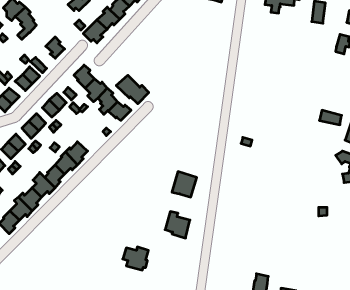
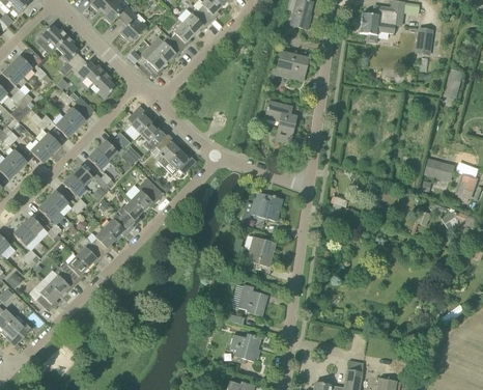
building: none -> [277,51,308,80]
building: none -> [73,57,104,83]
building: none -> [264,101,296,143]
building: [116,75,149,104] -> none
building: none -> [131,177,164,211]
building: none -> [244,192,282,221]
building: [123,247,148,270] -> [229,333,260,361]

